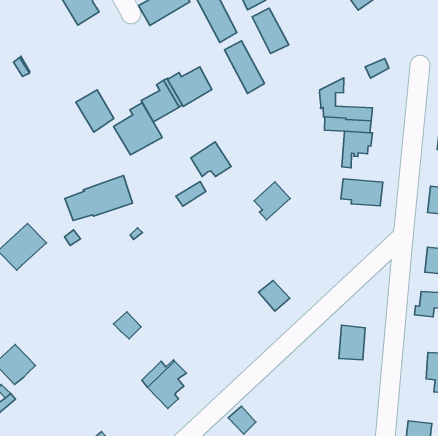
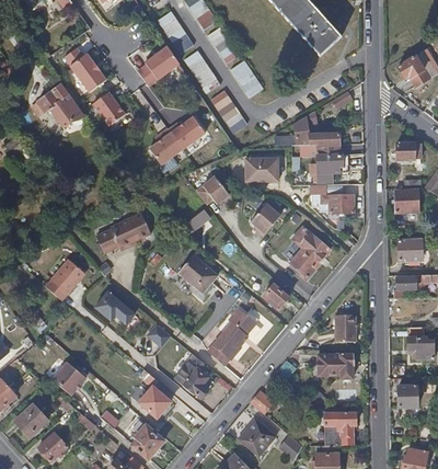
building: none -> [37,85,74,127]
building: [76,90,114,132] -> [93,91,126,126]
building: [114,103,162,155] -> none
building: none -> [245,157,278,181]
building: none -> [292,226,330,274]
building: none -> [178,254,218,293]
building: none -> [94,289,136,324]
building: none -> [208,308,257,365]
building: none -> [139,374,173,415]
building: none -> [316,354,354,378]

